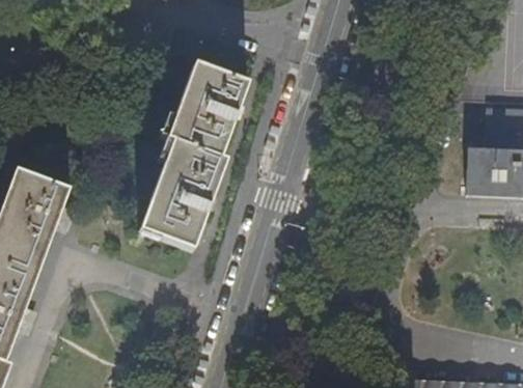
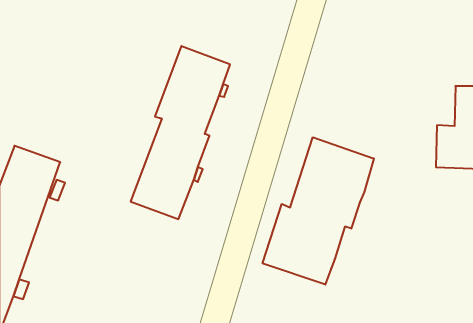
building: none -> [263,137,374,285]

